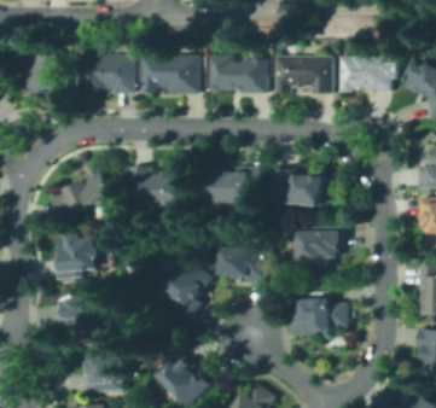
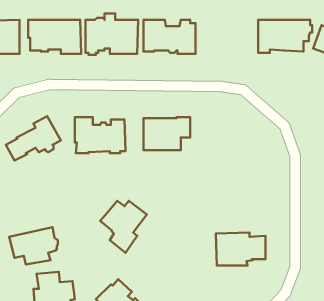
building: [273,57,331,94] -> none
building: [267,168,324,206] -> none
building: [295,227,339,269] -> none
building: [56,235,97,280] -> none
building: [215,247,268,284] -> none

